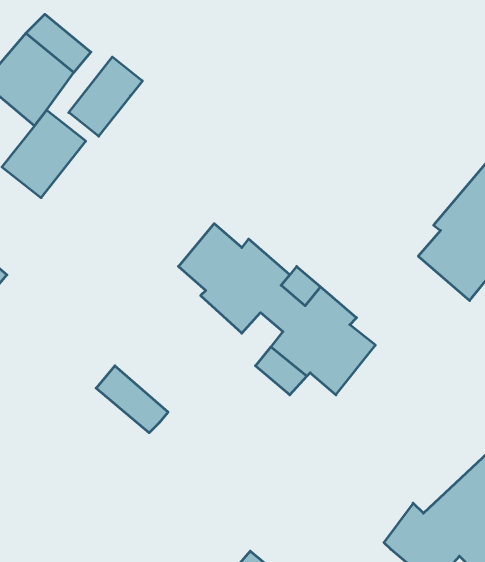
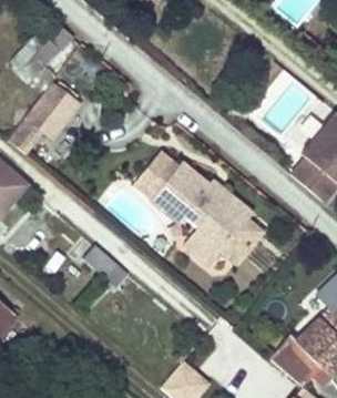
building: [69,57,142,136] -> none

